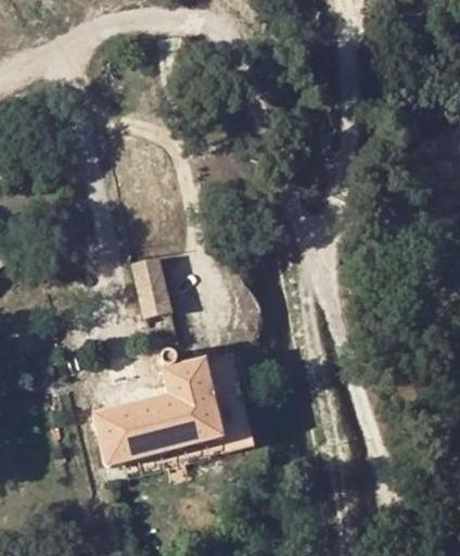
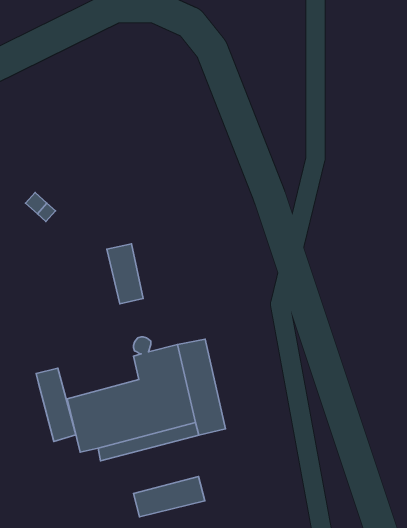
building: none -> [36,368,76,441]
building: none -> [134,476,205,517]

